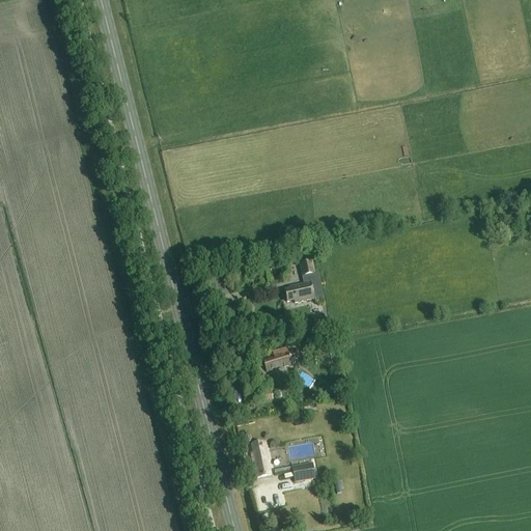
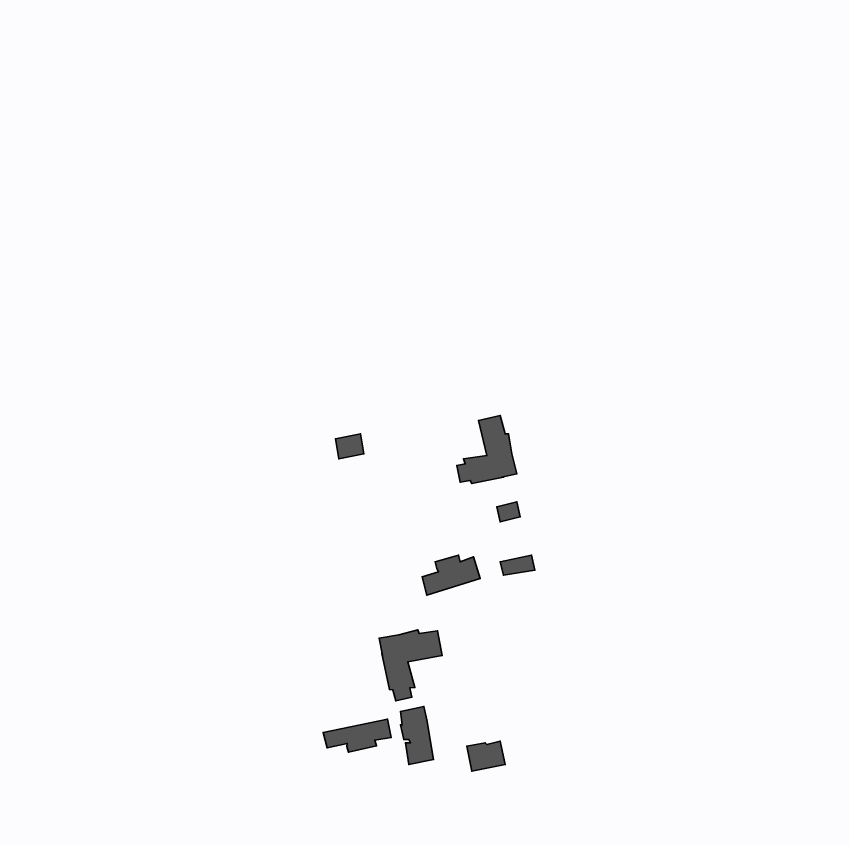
building: none -> [379,630,442,701]
building: none -> [323,719,391,752]

